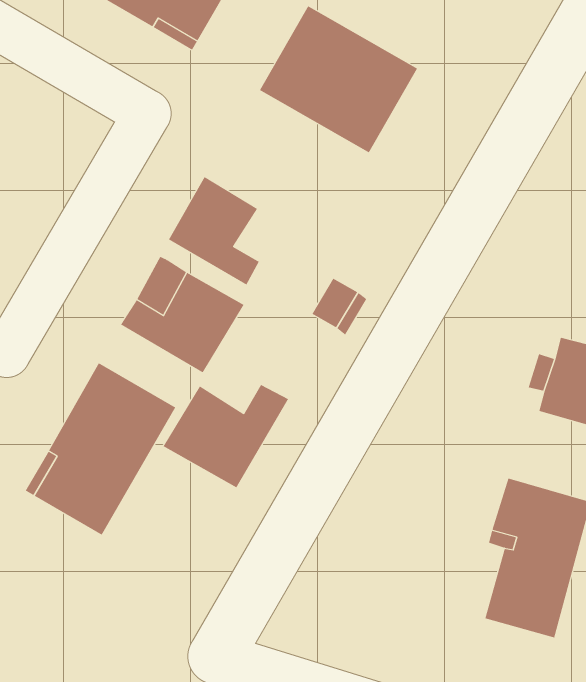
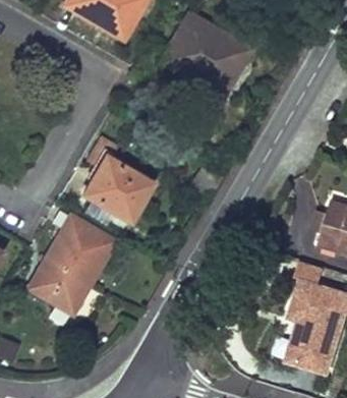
building: [168,176,259,286] -> none
building: [163,384,289,488] -> none

